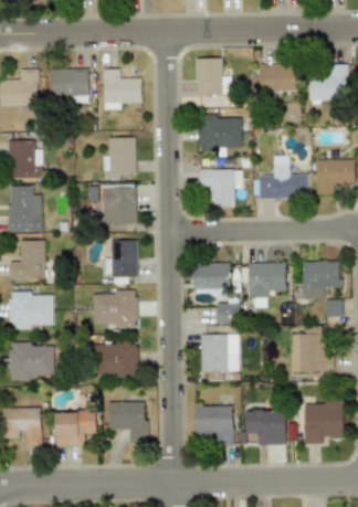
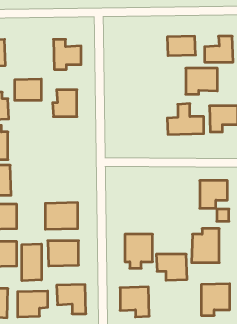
building: [196,57,231,95] -> none
building: [52,68,88,97] -> [15,79,41,100]
building: [199,117,242,152] -> [186,68,217,94]
building: [201,169,243,207] -> none
building: [102,184,136,225] -> none
building: [110,240,138,277] -> none
building: [193,262,230,288] -> none
building: [249,262,286,308] -> none
building: [217,303,240,323] -> none
building: none -> [22,244,41,281]
building: [245,410,287,445] -> [156,254,187,280]

